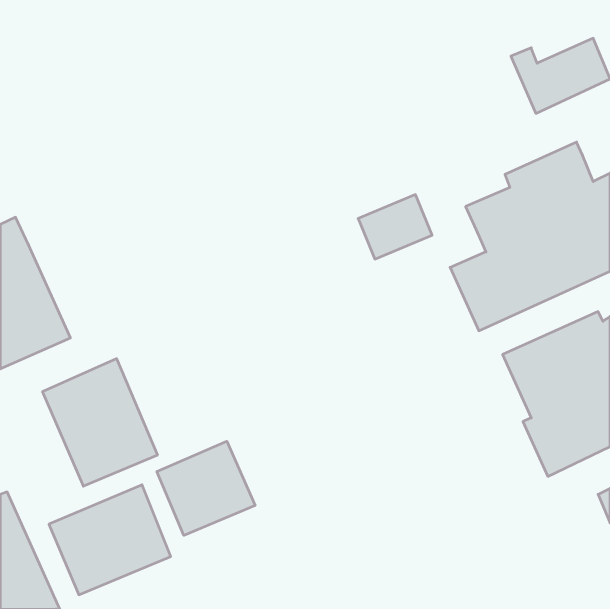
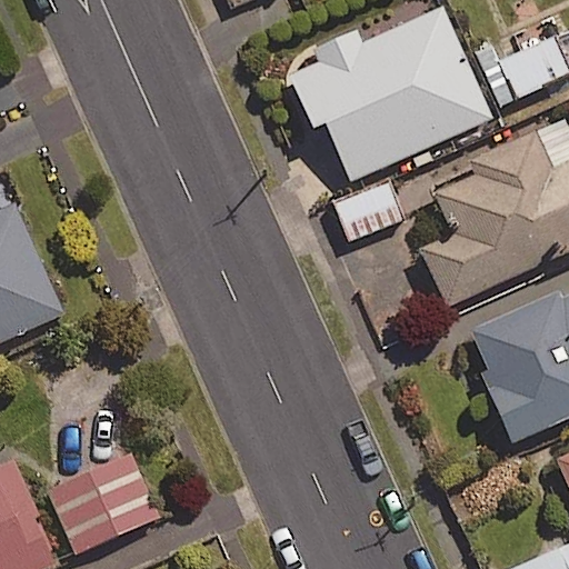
building: none -> [301,7,491,182]
building: [43,359,157,486] -> none
building: [157,441,255,535] -> none

